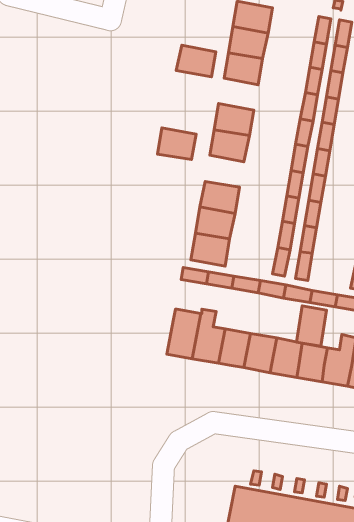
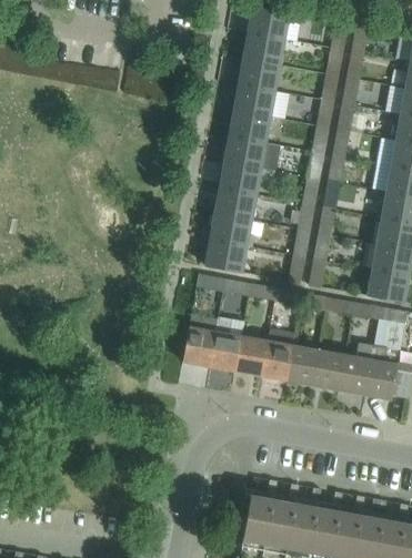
building: [176,45,216,77] -> [234,83,274,115]
building: [157,128,196,160] -> [221,161,260,193]
building: [296,306,327,346] -> none

